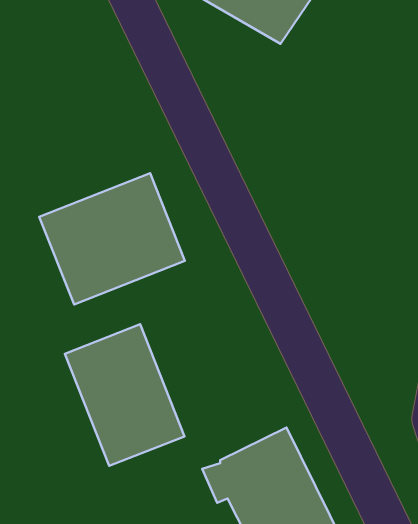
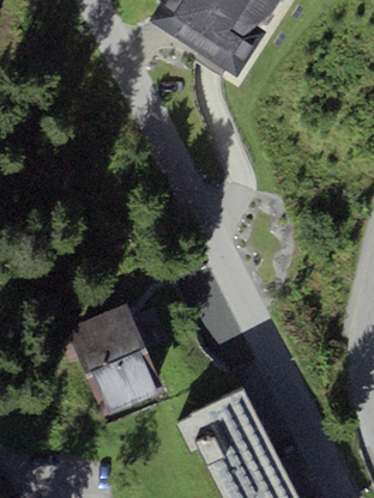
building: [39,173,185,304] -> none

